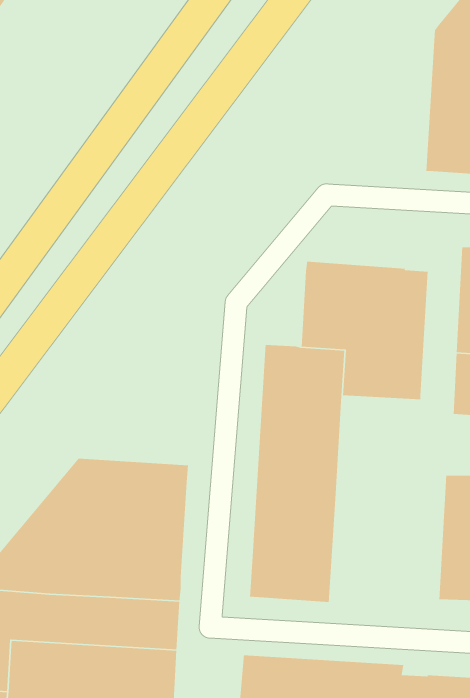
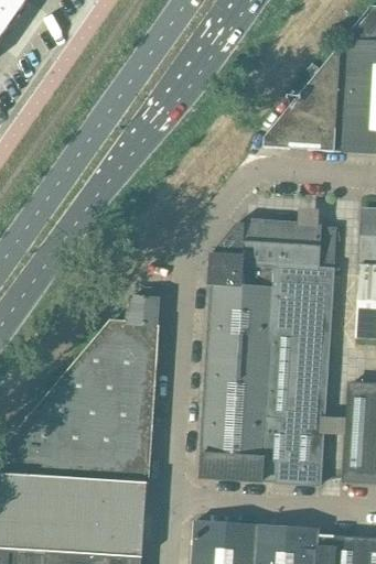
building: none -> [262,43,342,152]
building: none -> [208,228,243,286]
building: none -> [68,288,159,377]
building: none -> [261,324,332,486]

